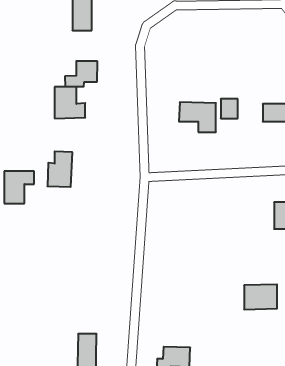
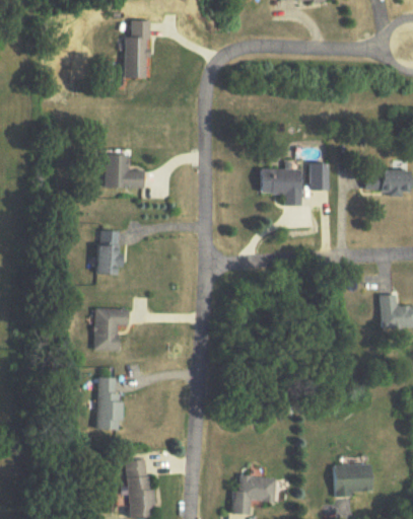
building: [65,61,97,87] -> none
building: [4,171,34,203] -> [95,309,133,350]
building: none -> [96,376,124,429]
building: [244,284,277,309] -> [330,463,371,495]

